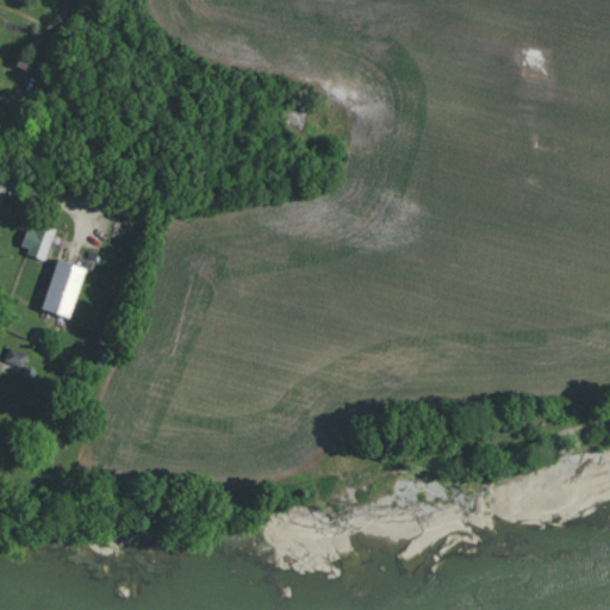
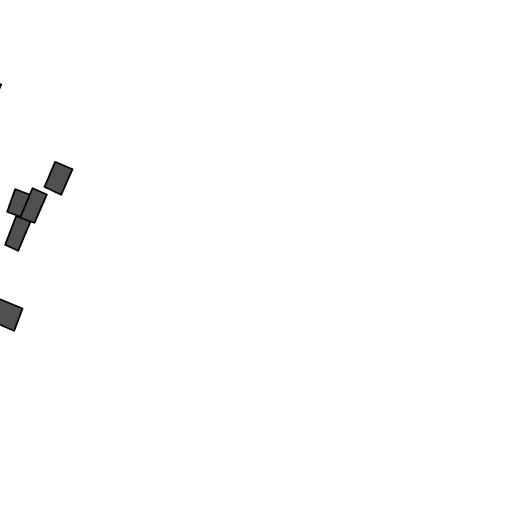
building: none -> [44,162,73,195]
building: [46,273,76,313] -> [5,216,30,251]

